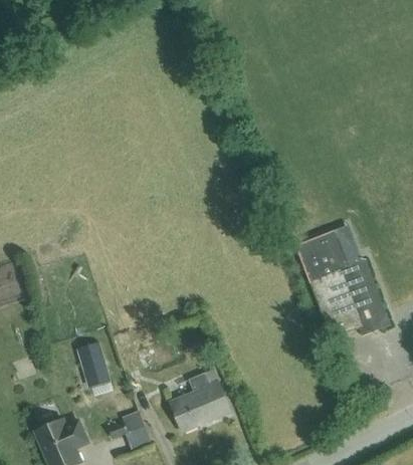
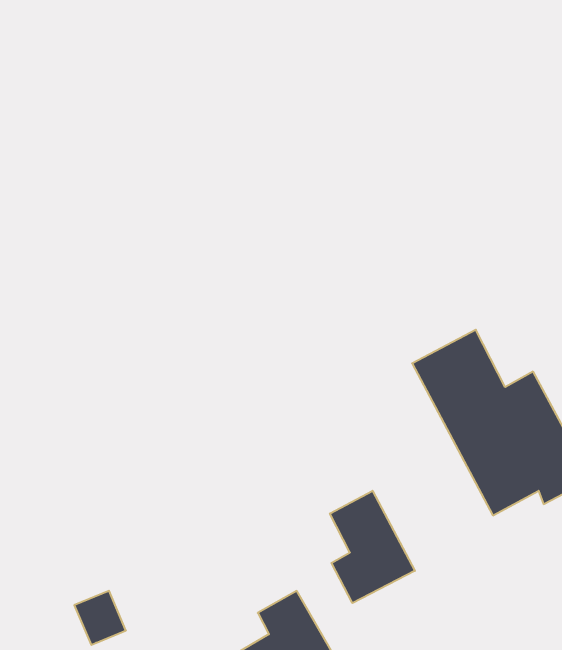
building: none -> [330,491,415,603]

